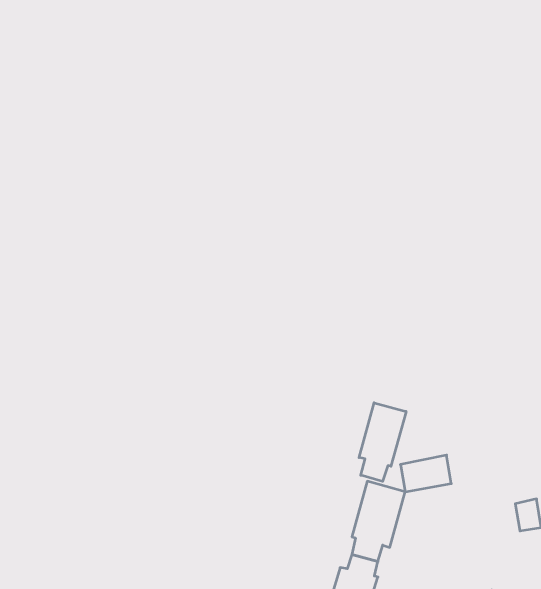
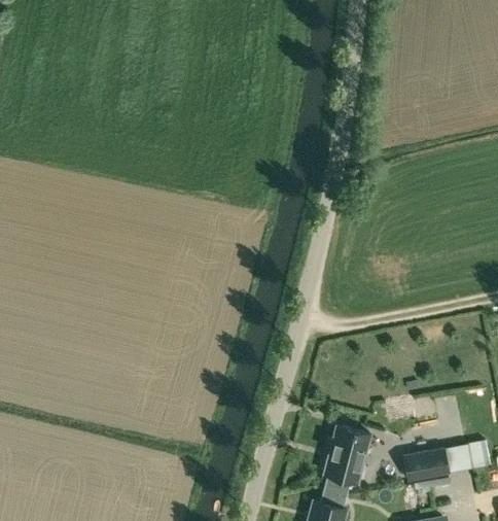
building: [359,403,406,481] -> none
building: [400,455,451,492] -> [404,448,449,480]

